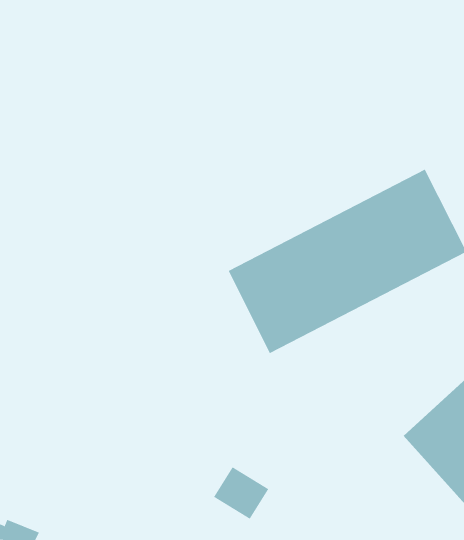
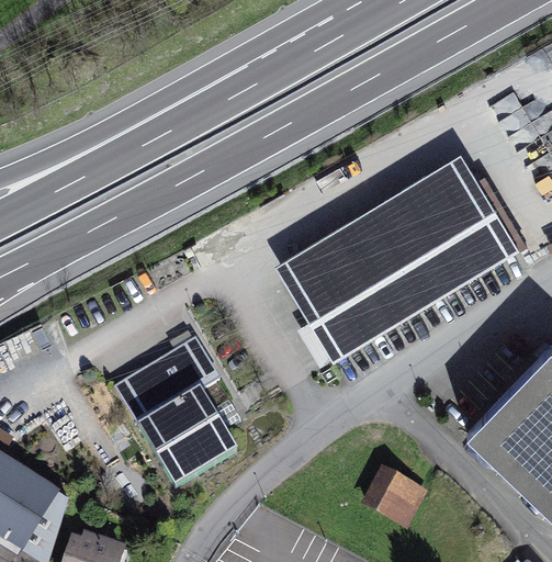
building: none -> [116,337,237,485]
building: [213,466,269,520] -> [369,470,423,520]

